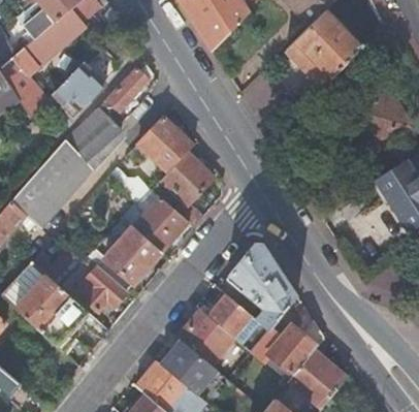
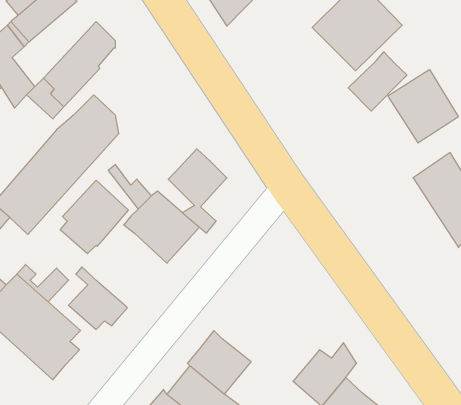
building: [98,67,149,125] -> none
building: none -> [348,52,407,111]
building: [138,118,195,173] -> none
building: [102,226,161,289] -> [60,180,128,254]
building: [225,243,297,330] -> none
building: [208,295,252,338] -> none

